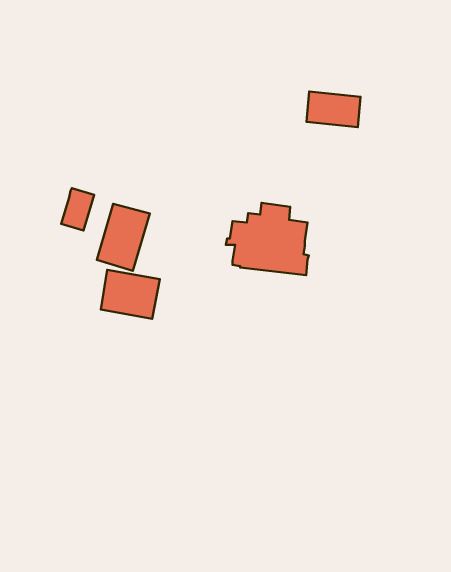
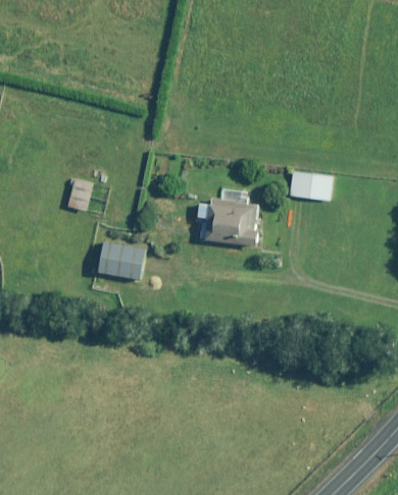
building: [307,92,361,127] -> [290,172,332,200]
building: [97,204,150,271] -> none

